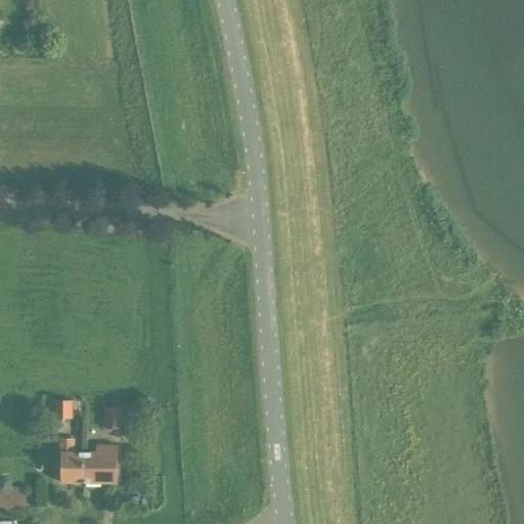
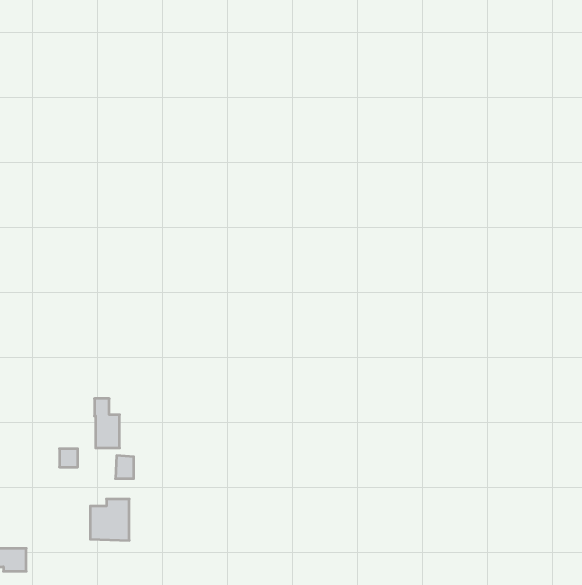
building: [58,438,81,482] -> [94,399,120,448]

